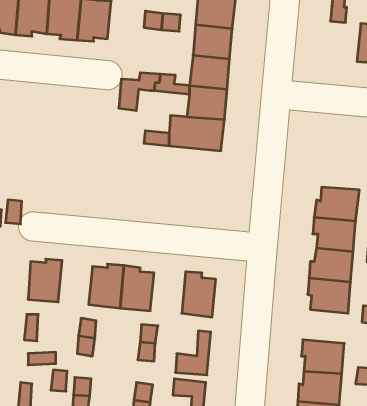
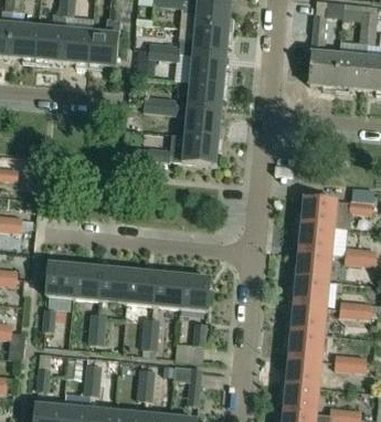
building: none -> [308,50,338,85]
building: none -> [73,260,103,298]
building: none -> [154,268,184,306]
building: none -> [287,303,327,333]

